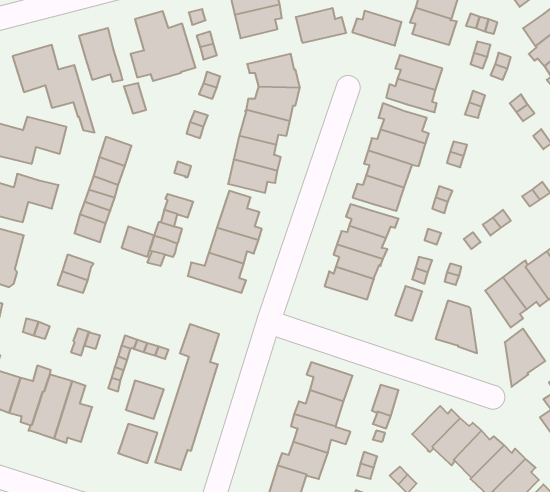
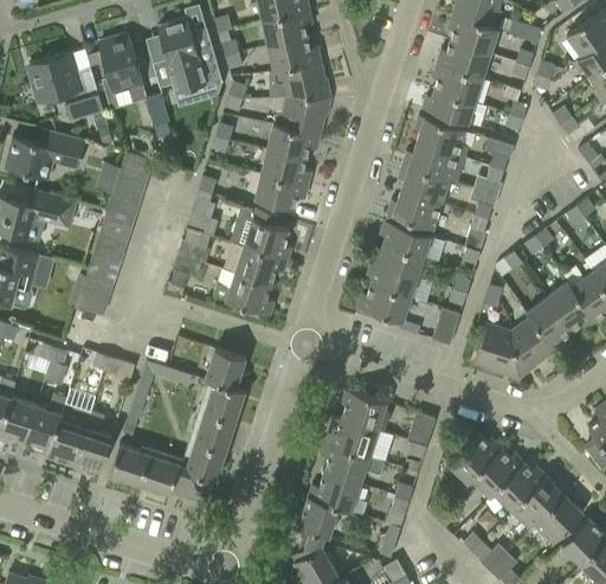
building: [296,8,346,43] -> [269,37,322,73]
building: [352,11,402,46] -> [437,41,489,78]
building: [122,226,154,257] -> [86,252,121,284]
building: [505,329,545,387] -> [511,317,554,379]
building: [126,381,164,419] -> [110,444,150,484]

